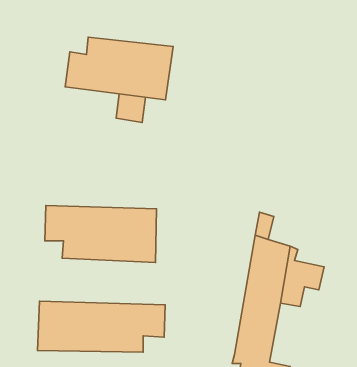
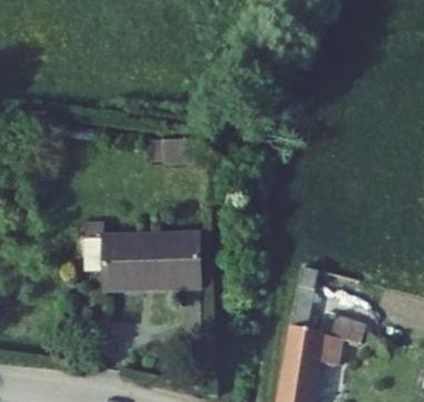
building: [65,37,173,100] -> none
building: [37,301,165,352] -> none

